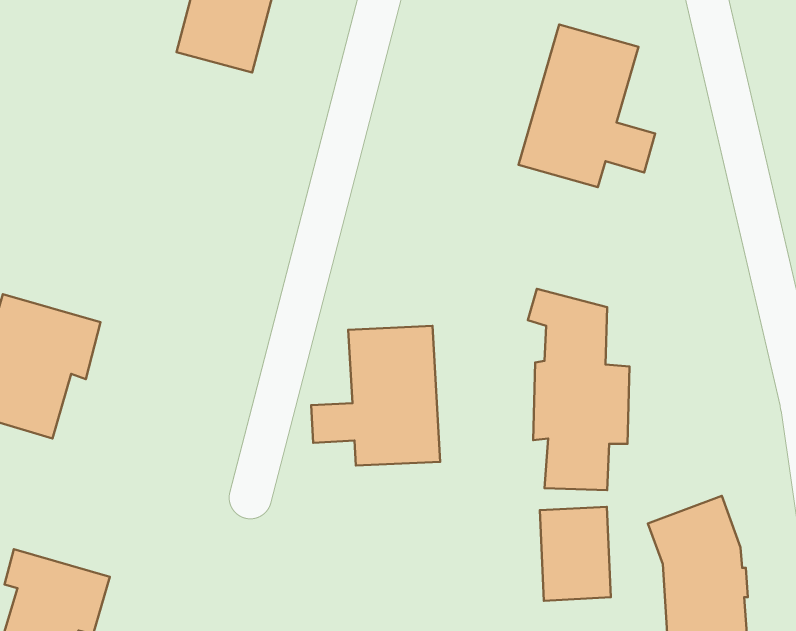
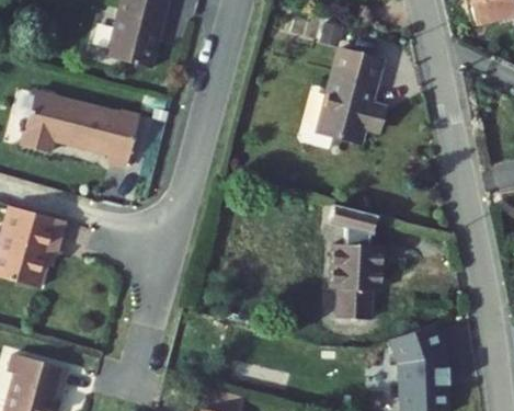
building: none -> [21,96,141,173]
building: [311,326,440,466] -> none
building: [540,507,611,601] -> none

